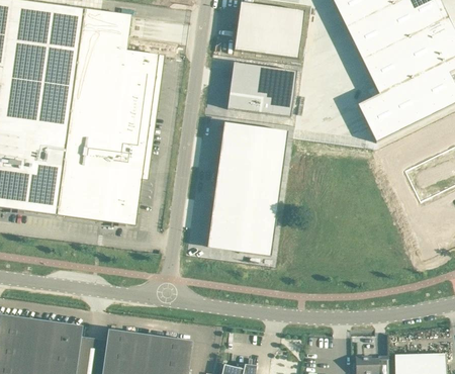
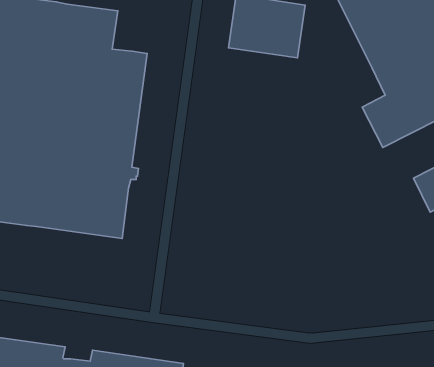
building: [228,63,296,116] -> none
building: [208,121,288,255] -> none

